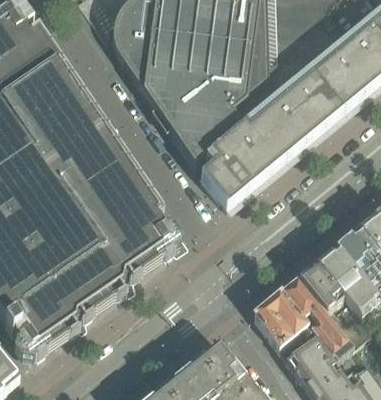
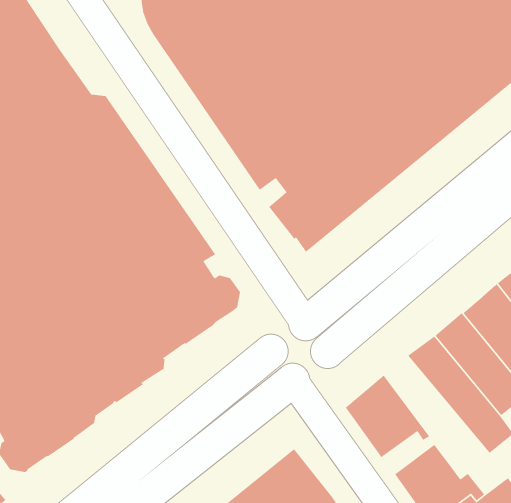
building: [280,278,353,363] -> none

